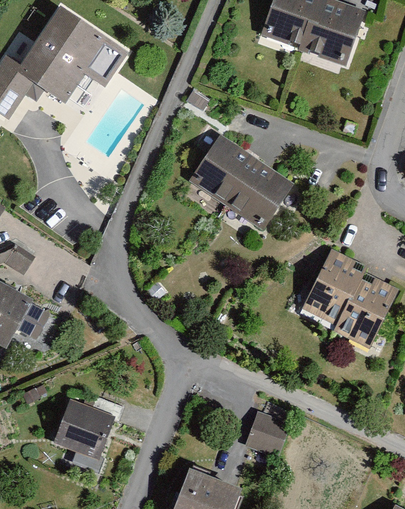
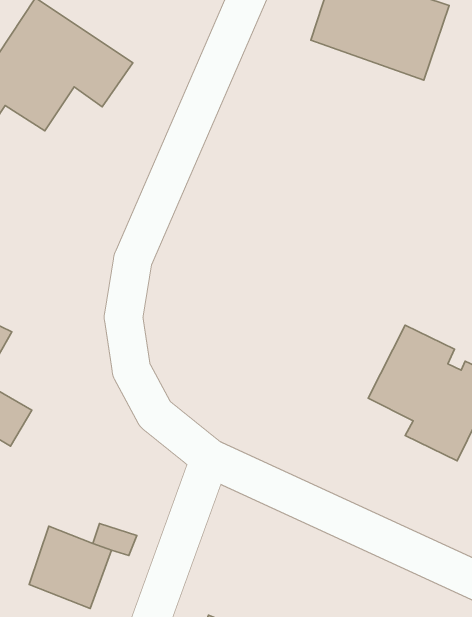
building: [191,135,298,232] -> none
building: [246,409,291,456] -> none

